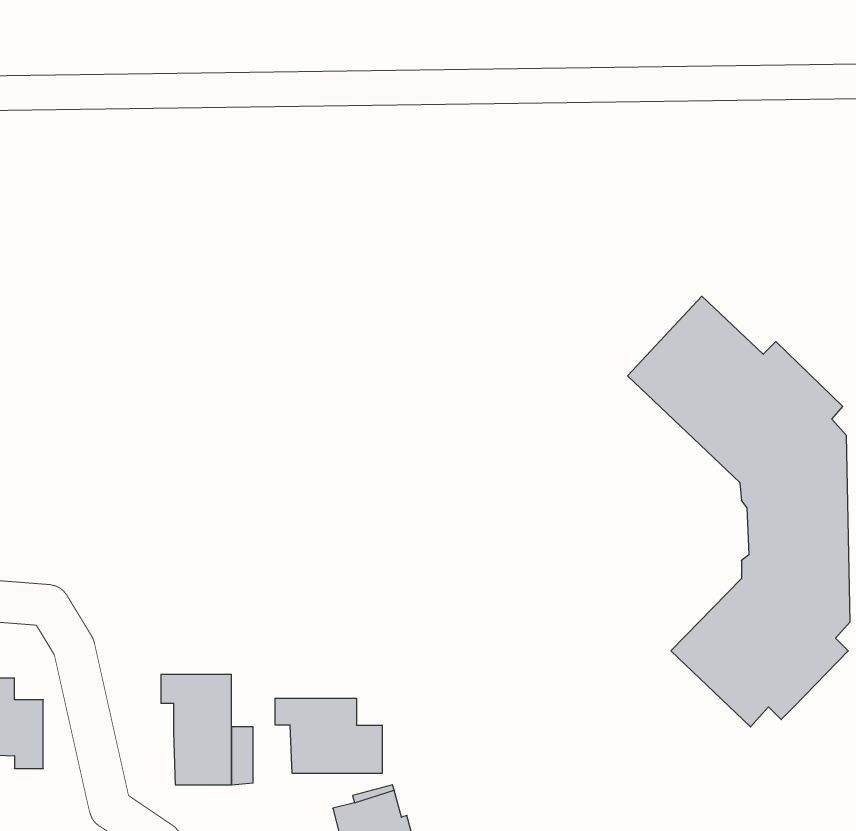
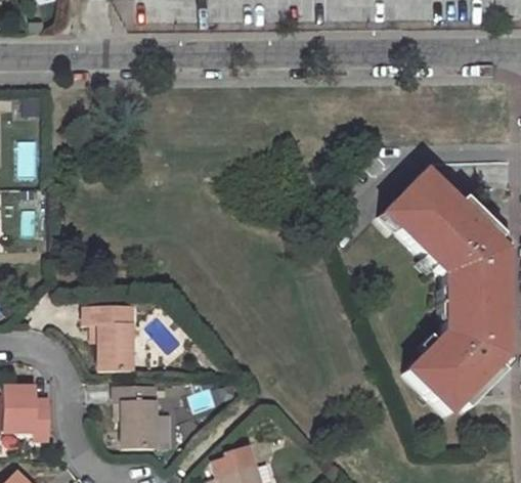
building: none -> [84,305,133,369]
building: [275,698,382,773] -> none

